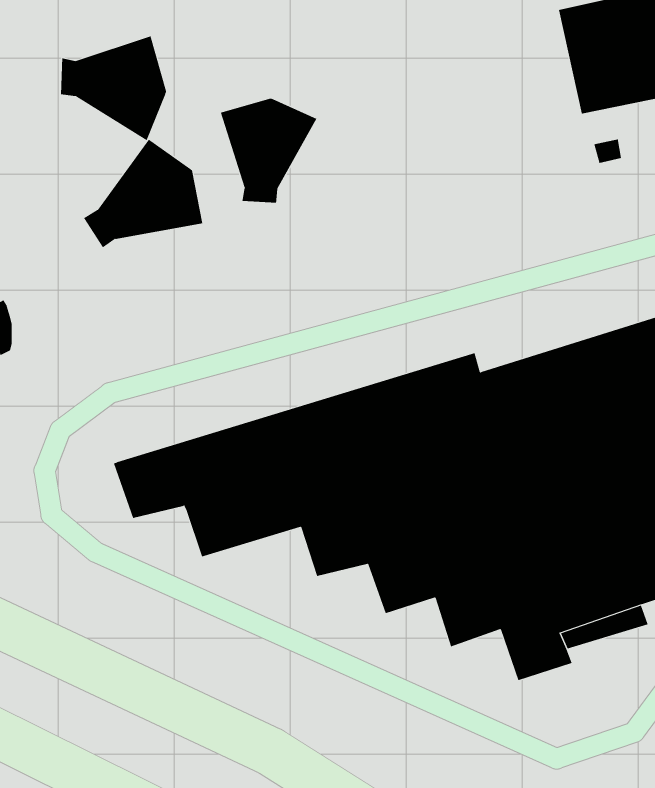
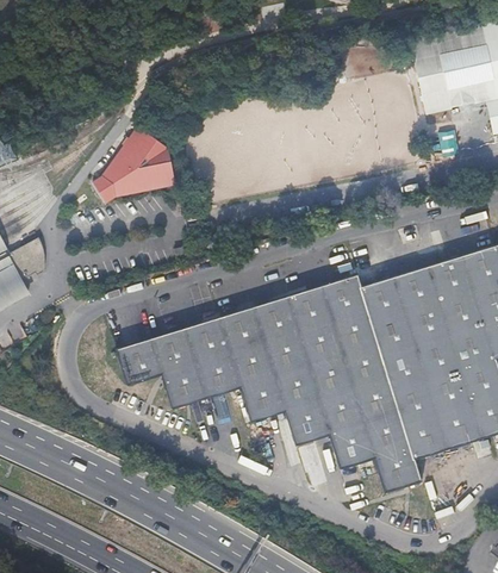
building: [60,36,167,141] -> none
building: [220,98,317,204] -> none

